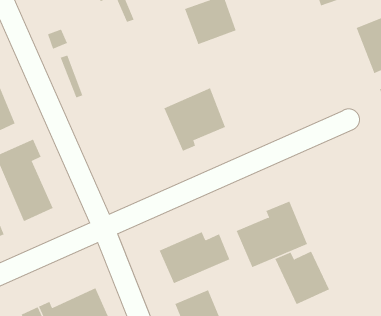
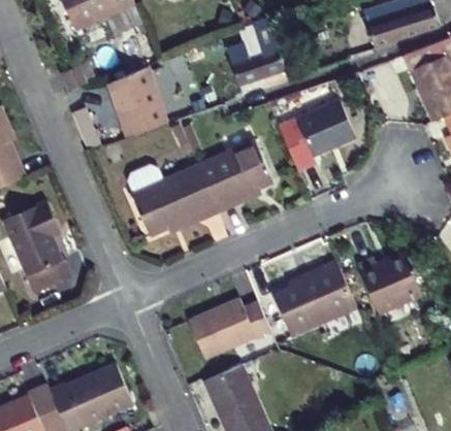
building: none -> [104,64,164,132]
building: none -> [275,98,349,166]
building: none -> [120,160,216,234]
building: [275,251,330,305] -> [361,259,424,321]

